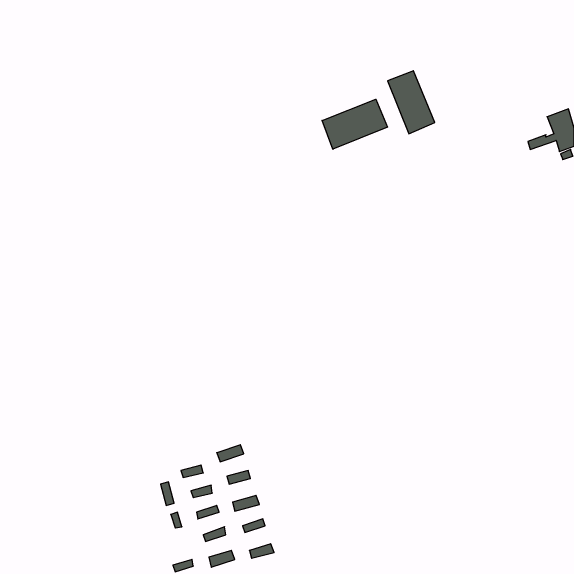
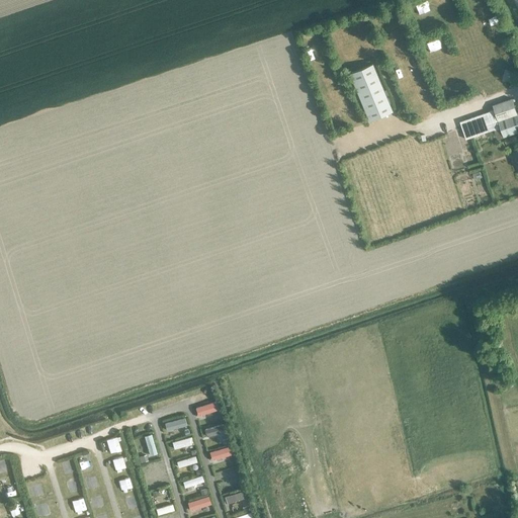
building: [322,99,387,149] -> none

